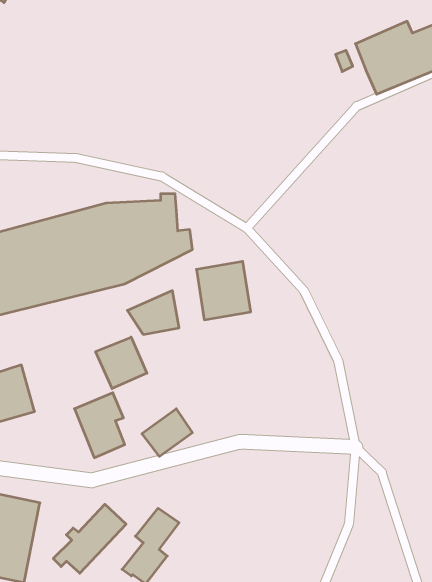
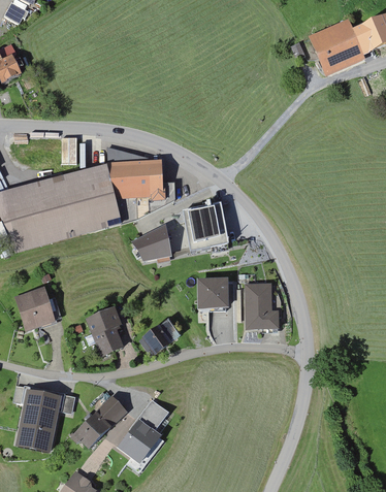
building: [96,337,147,389] -> none
building: none -> [194,280,225,307]
building: none -> [244,284,279,328]

